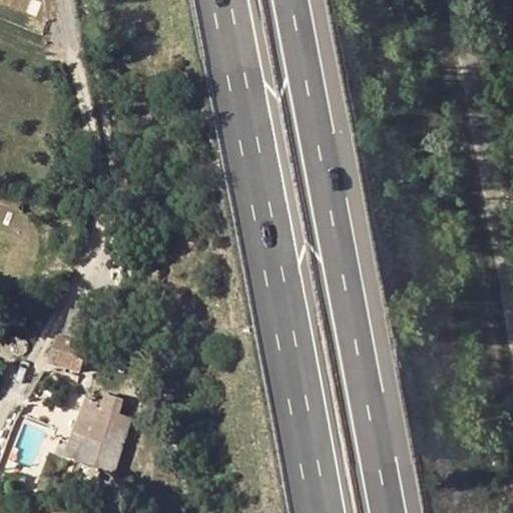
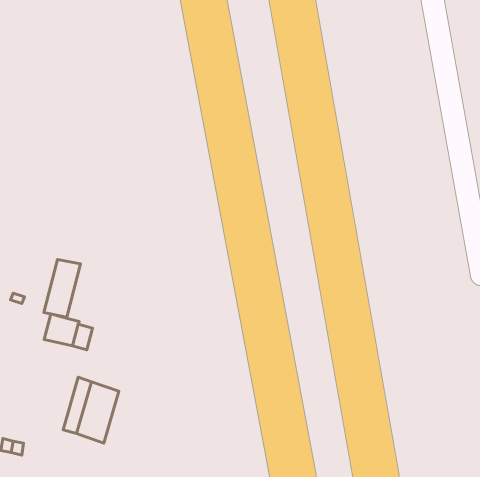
building: none -> [44,259,81,317]

